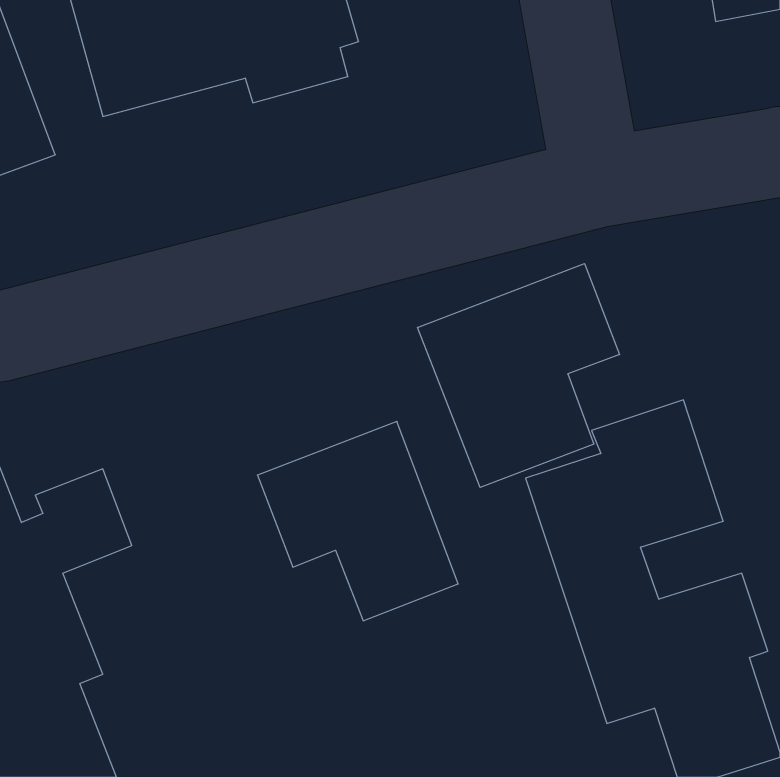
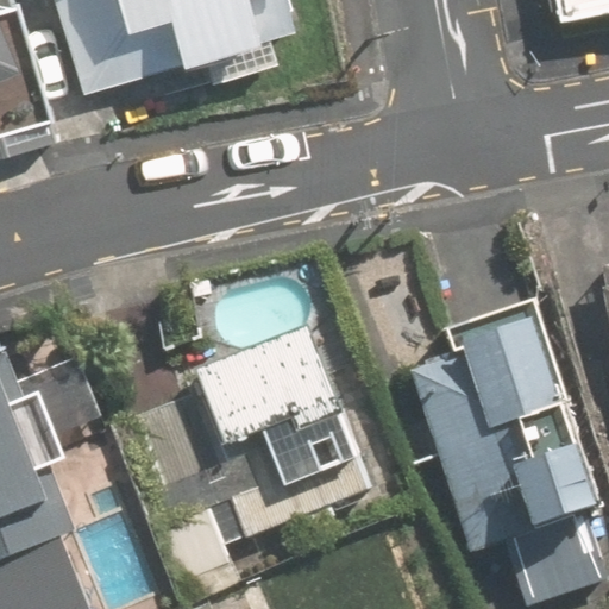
building: [418,264,619,487] -> none

